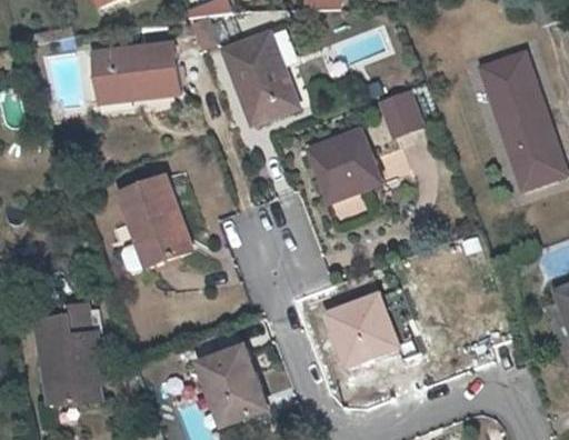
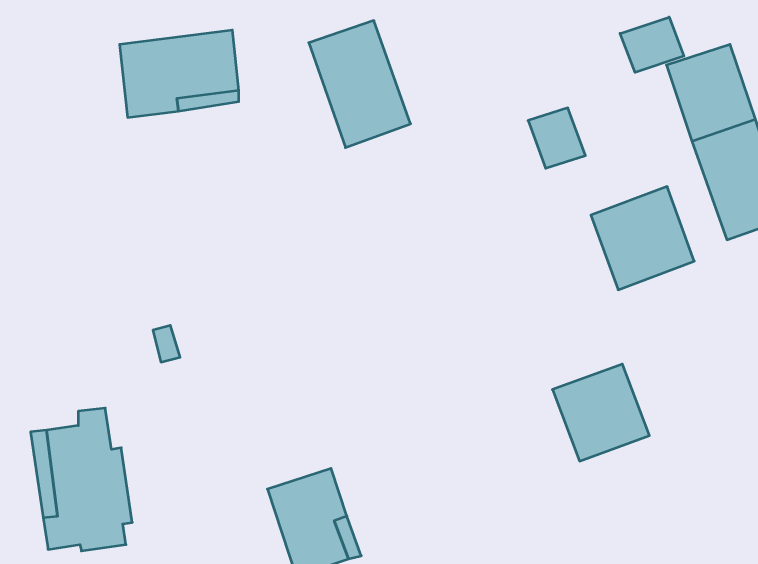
building: none -> [620,17,684,72]
building: [313,132,386,204] -> [591,187,694,290]
building: [121,174,191,267] -> none
building: [330,297,398,364] -> [552,364,649,461]

